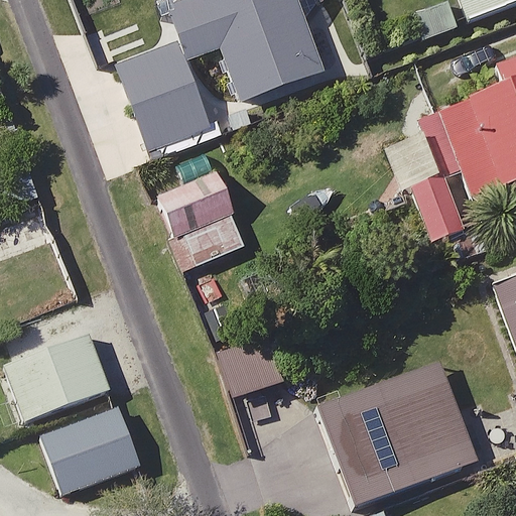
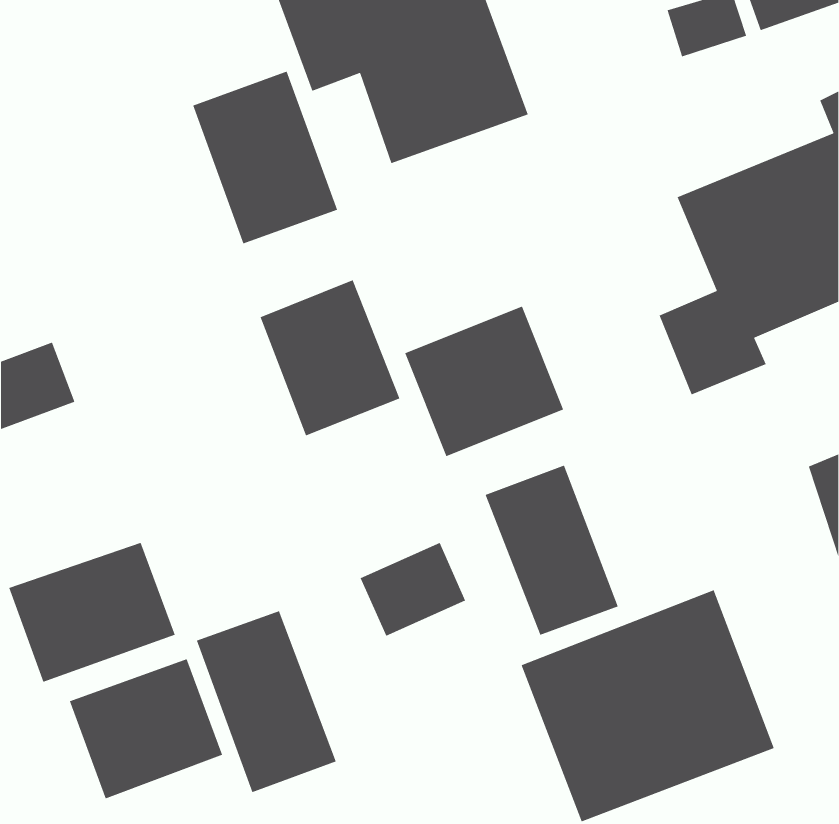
building: none -> [404,306,564,457]
building: none -> [485,464,619,636]
building: none -> [196,610,337,793]

